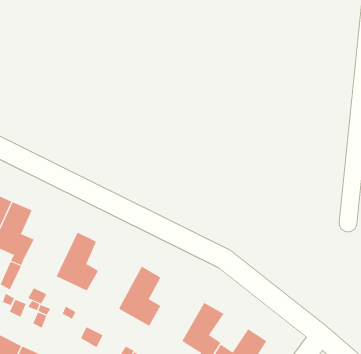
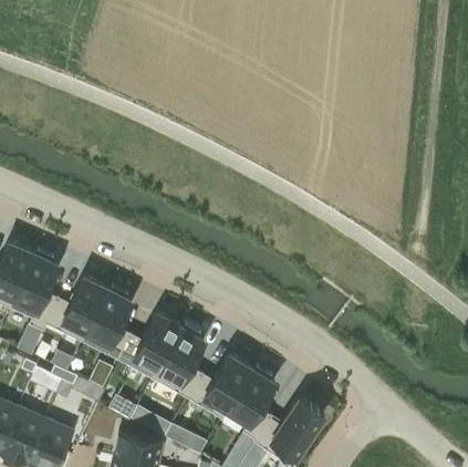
building: none -> [46,278,107,340]
building: none -> [118,316,180,376]
building: none -> [189,355,251,416]

